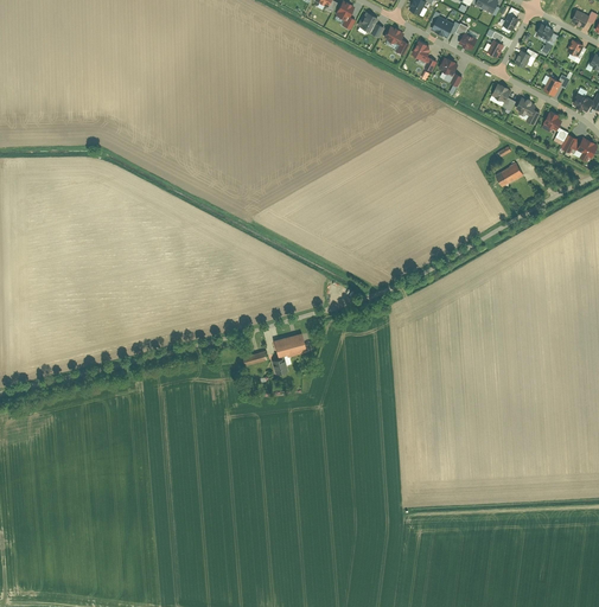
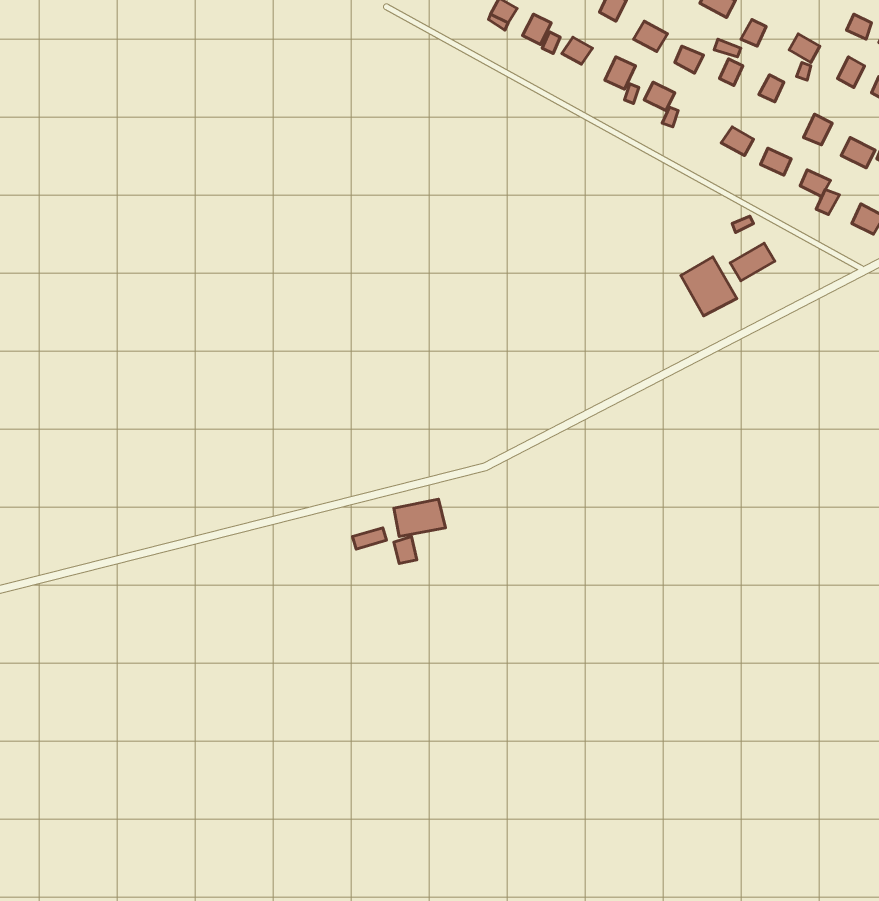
building: none -> [681,257,737,316]

